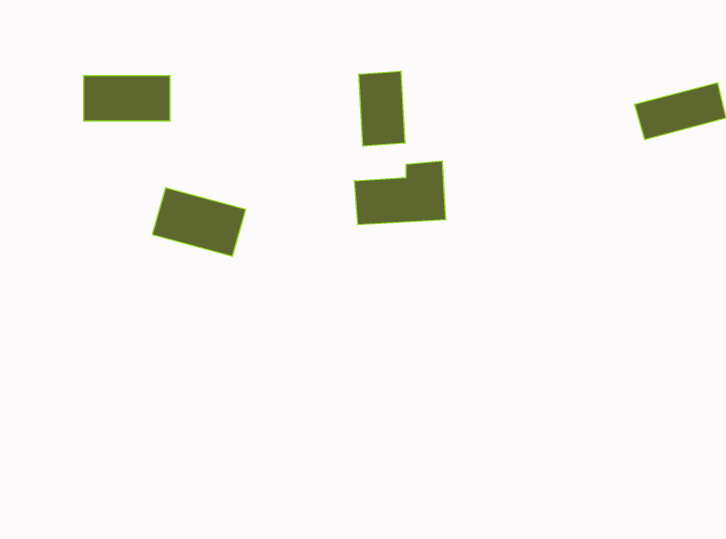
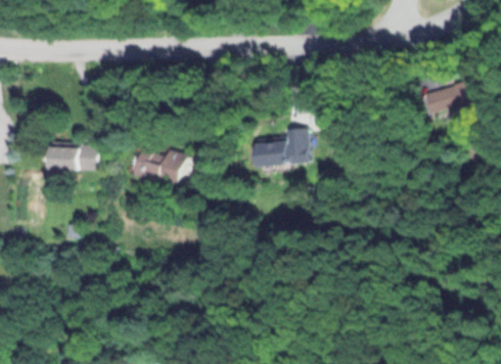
building: [359,71,405,146] -> none
building: [83,76,170,121] -> [44,143,97,171]

